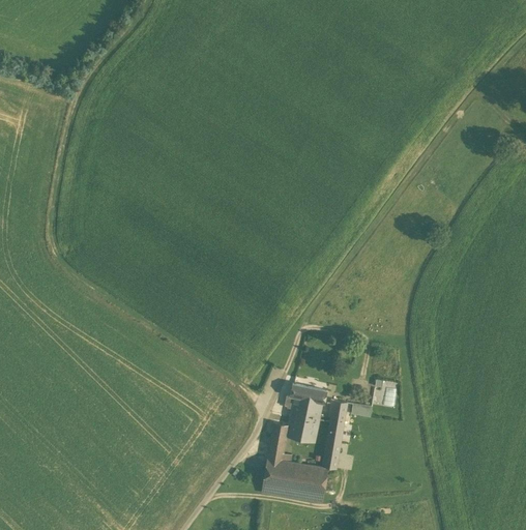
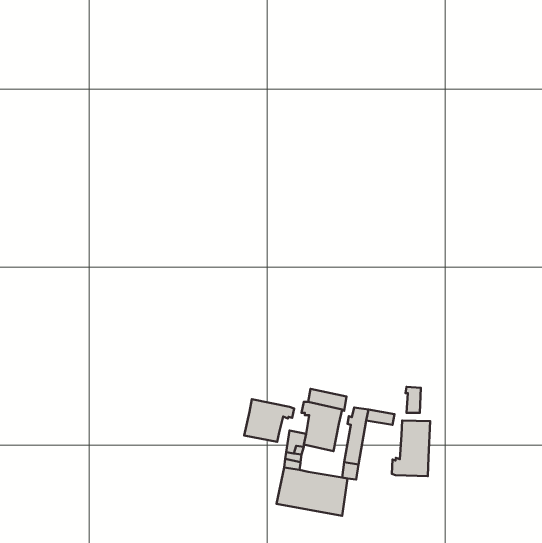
building: none -> [244,399,294,442]
building: none -> [392,420,430,476]

